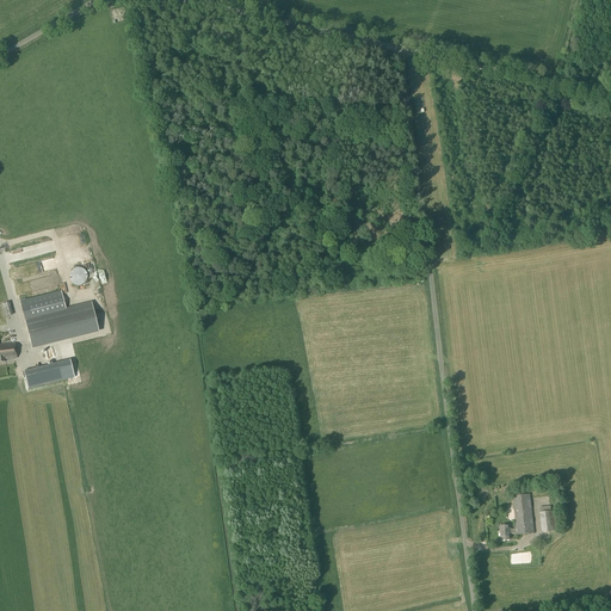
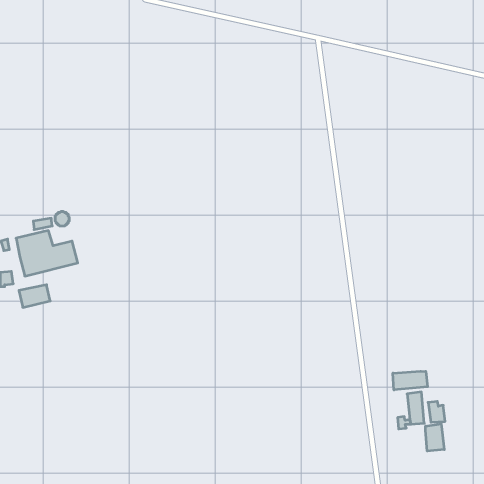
building: none -> [393,371,428,390]
building: none -> [425,424,444,451]

